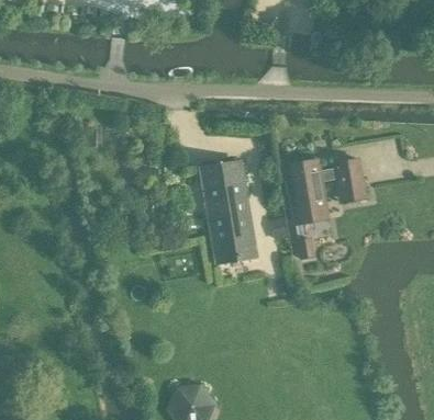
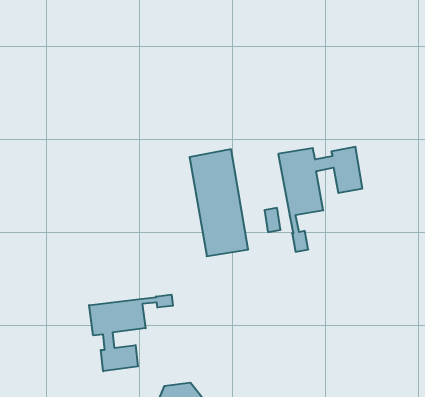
building: none -> [89,295,173,371]

